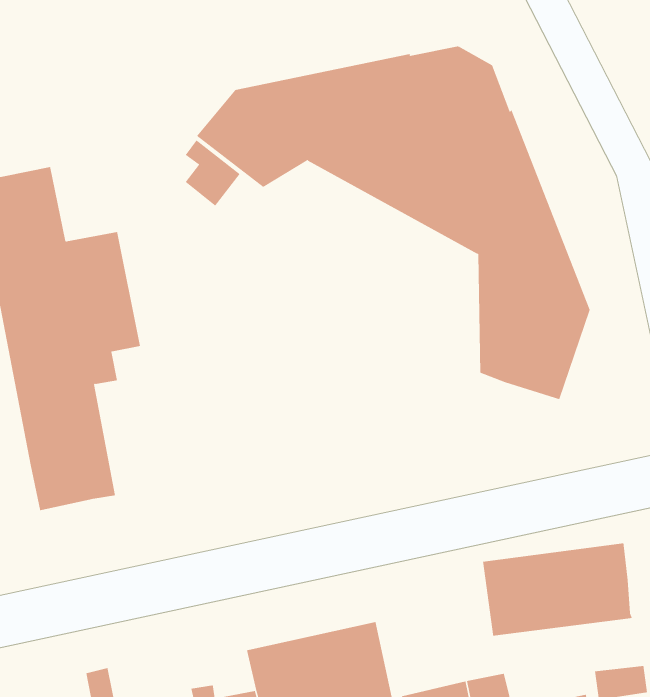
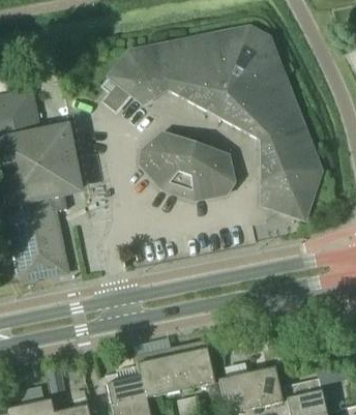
building: none -> [141,132,235,199]
building: [482,542,633,636] -> none

